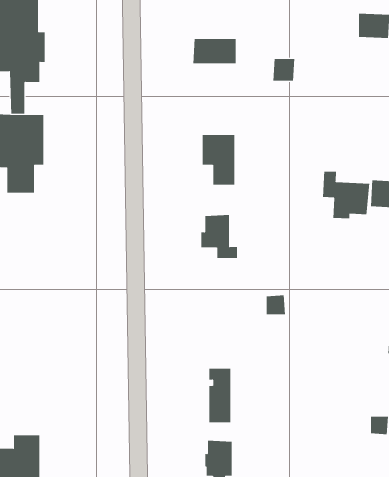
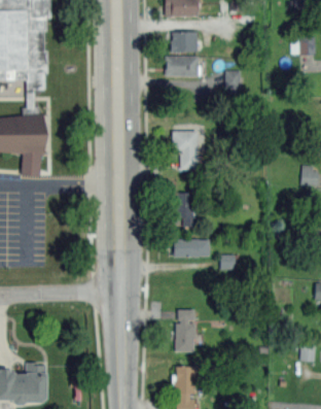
building: none -> [171,32,203,53]
building: [323,171,370,219] -> none
building: none -> [174,240,210,259]

